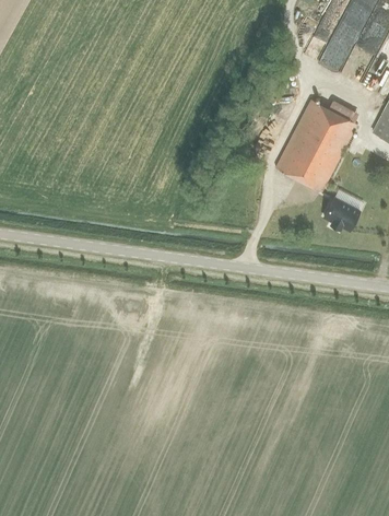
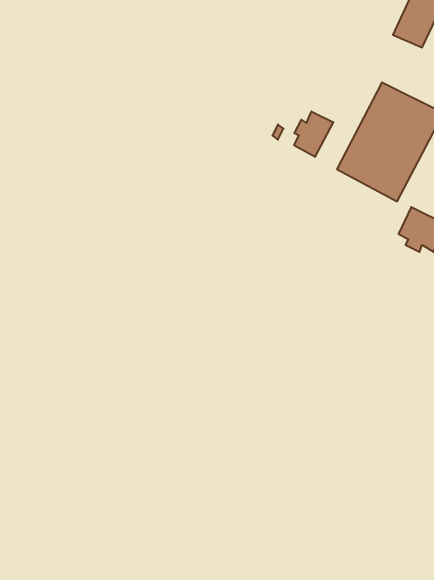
building: none -> [294,111,333,157]

